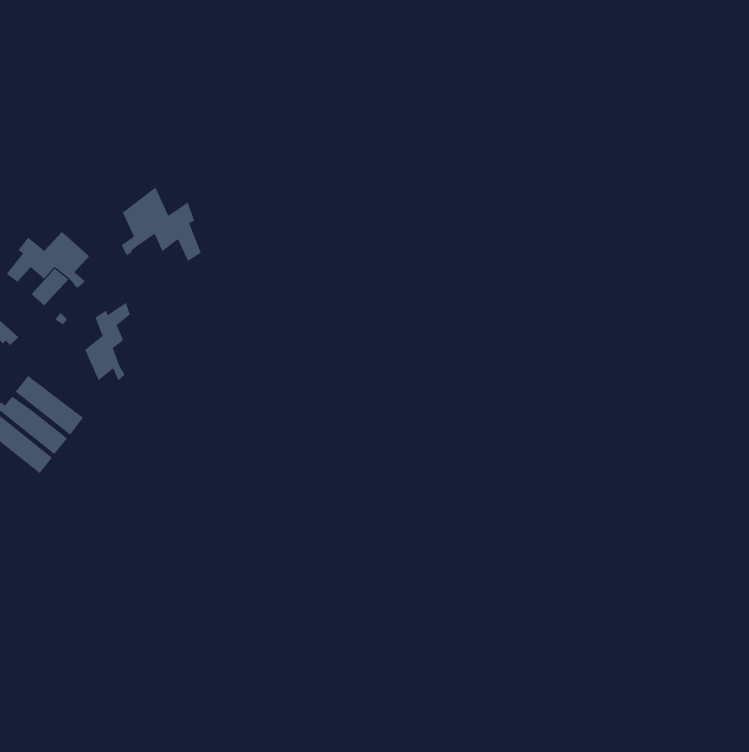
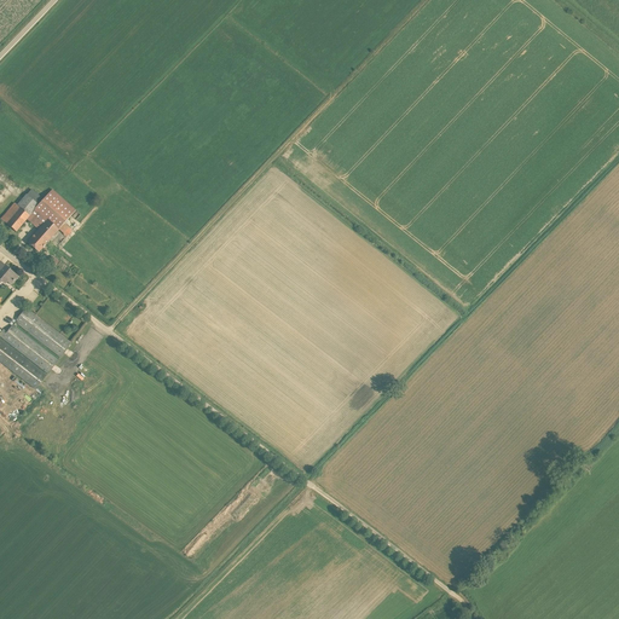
building: [121,187,201,262] -> none
building: [85,302,131,381] -> none

